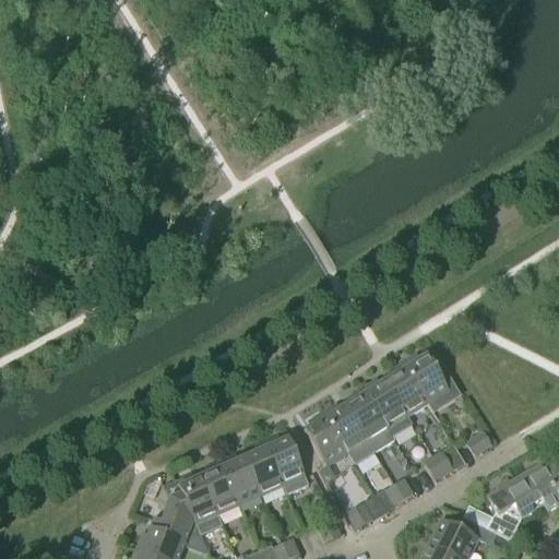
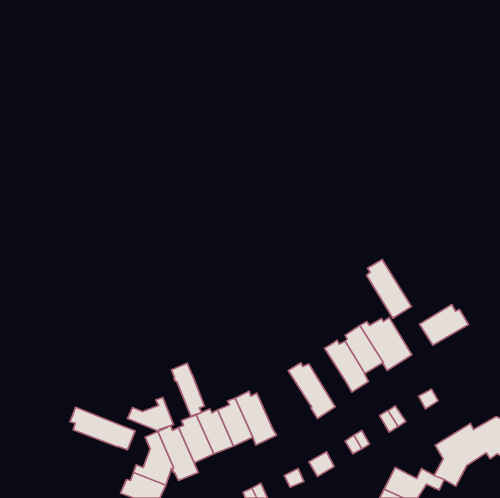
building: none -> [419,304,469,345]
building: [345,388,395,453] -> [366,259,412,318]
building: none -> [172,363,204,416]
building: [304,413,348,467] -> none
building: none -> [128,397,173,431]
building: none -> [70,407,135,450]

